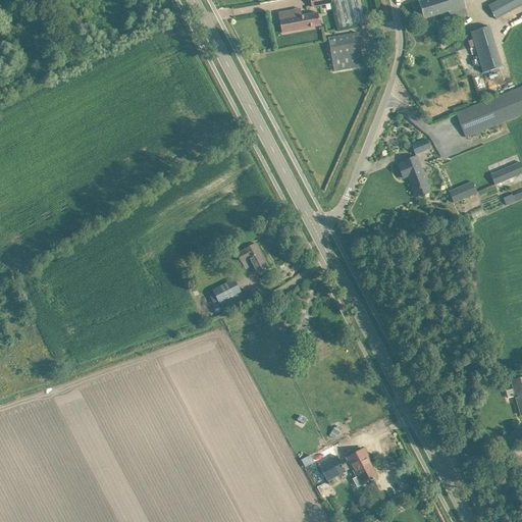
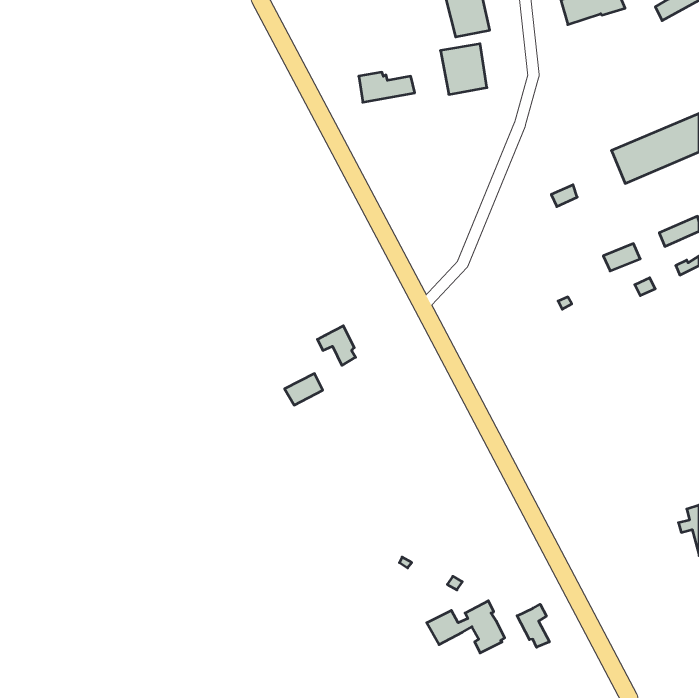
building: [278,9,320,32] -> [359,72,415,102]
building: [470,25,502,71] -> none
building: [398,156,430,194] -> none
building: none -> [517,604,549,647]

